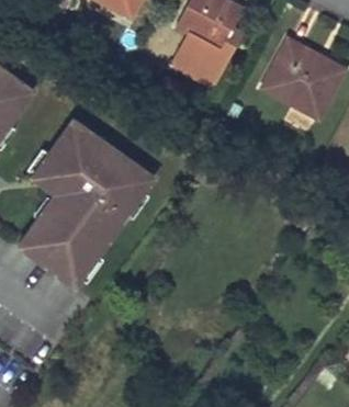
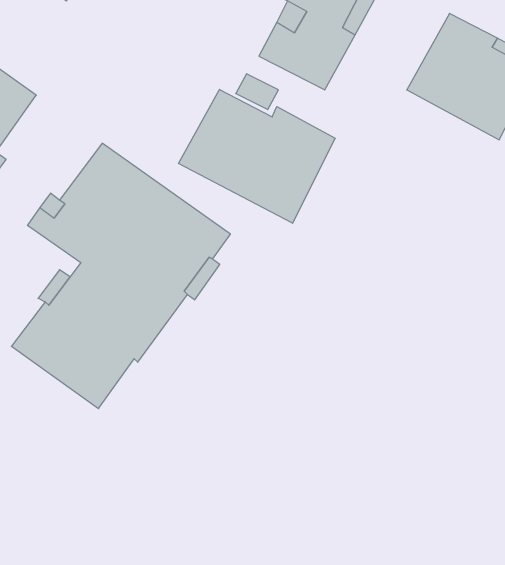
building: none -> [179,89,335,223]

